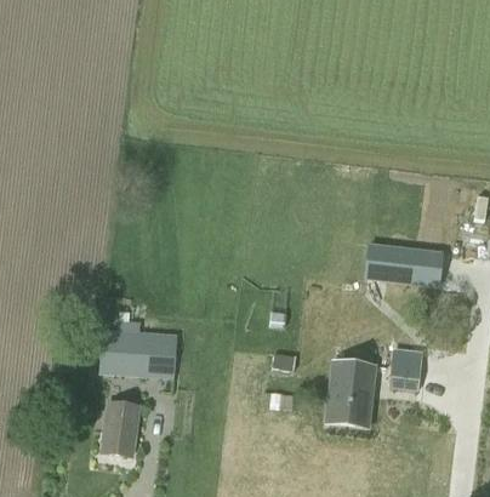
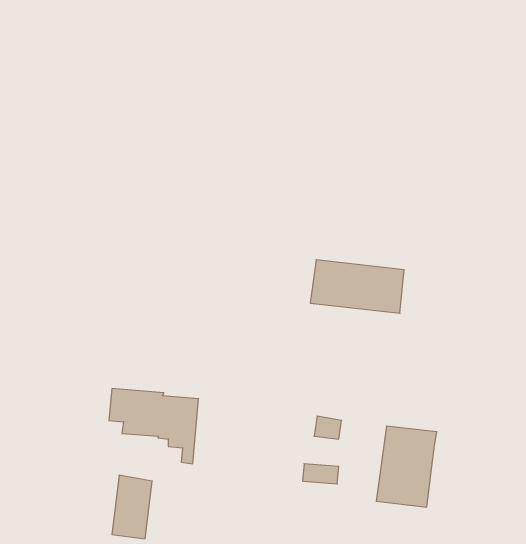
building: [365,242,444,287] -> [310,260,404,313]
building: [389,349,423,389] -> none

